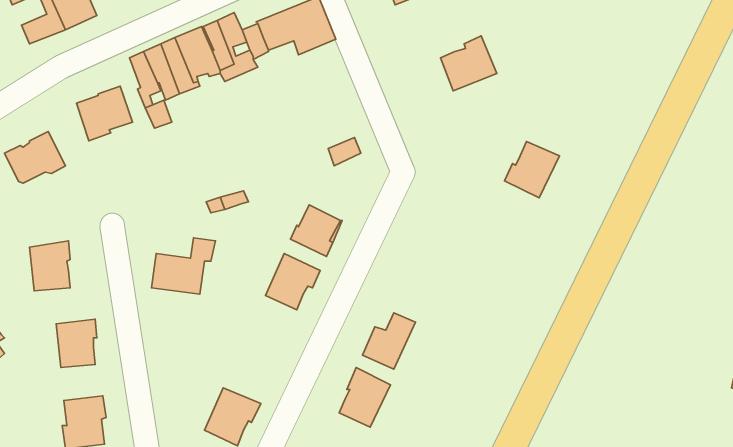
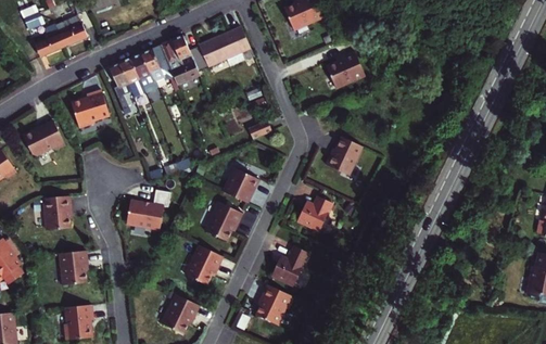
building: [505,142,559,198] -> [323,136,361,175]
building: none -> [296,194,331,230]
building: none -> [186,246,224,285]

